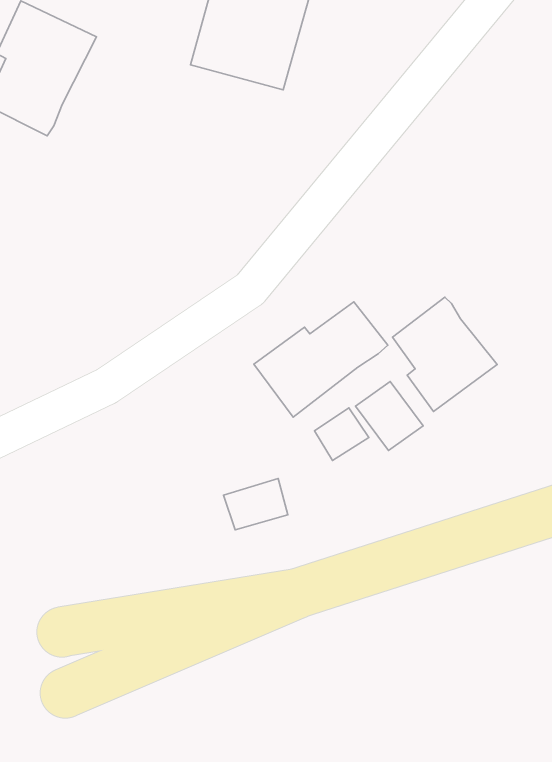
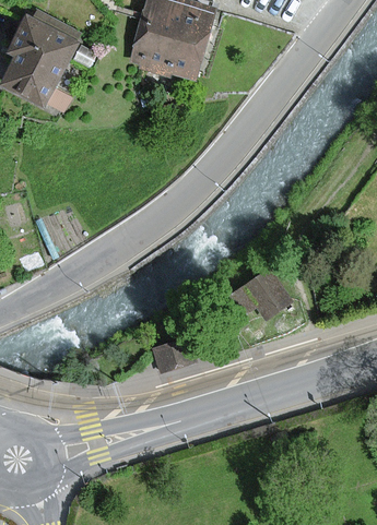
building: [392,297,497,412] -> none
building: [254,302,388,417] -> none

